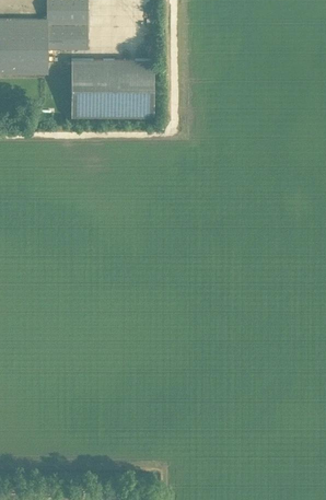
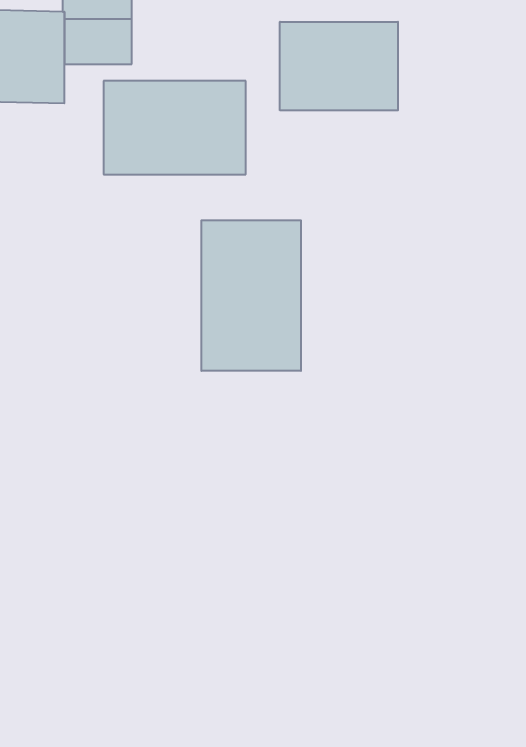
building: none -> [280,22,398,110]
building: none -> [201,220,301,371]

